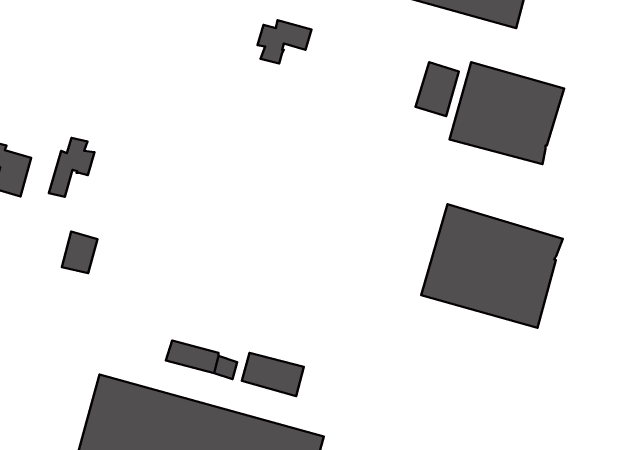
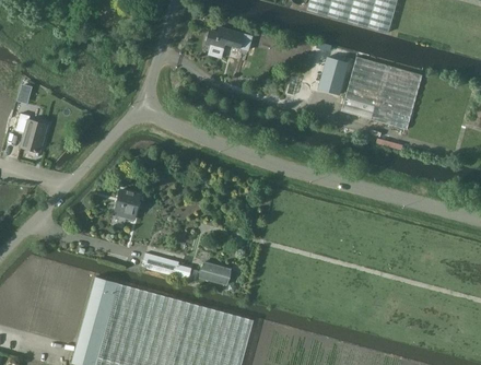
building: [49,138,95,197] -> none
building: [421,204,563,328] -> none
building: [62,232,97,273] -> [115,189,140,219]

